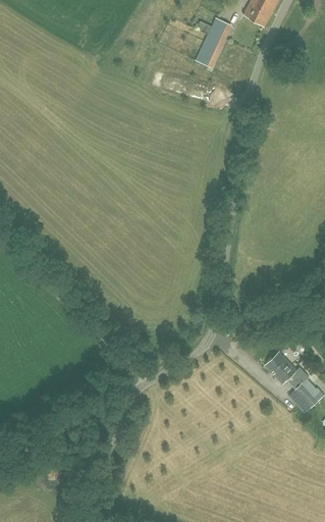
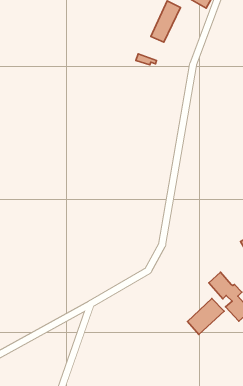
building: none -> [187,298,224,334]

